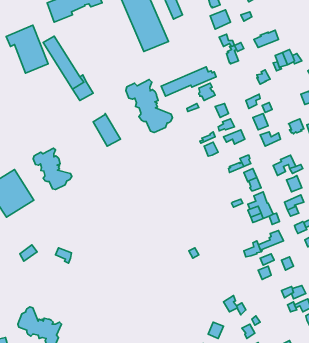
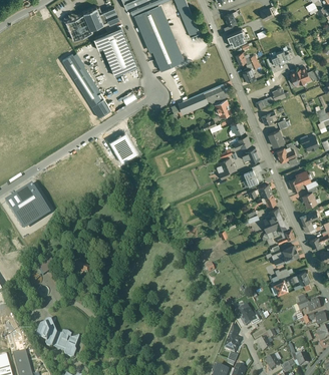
building: [6,25,48,73] -> [94,27,135,74]
building: [126,80,173,133] -> none
building: [33,148,72,190] -> none

